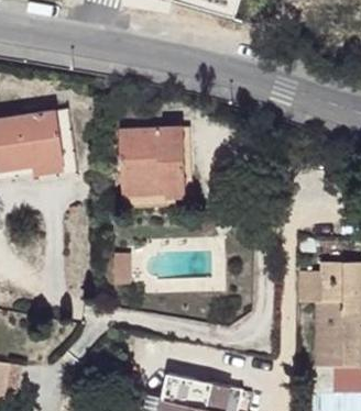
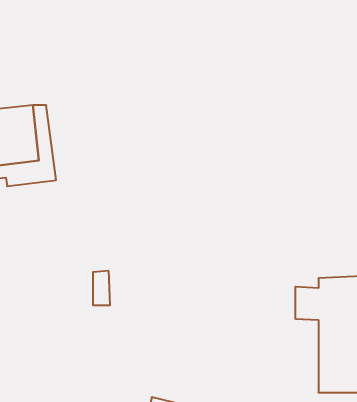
building: [119,130,185,203] -> none

